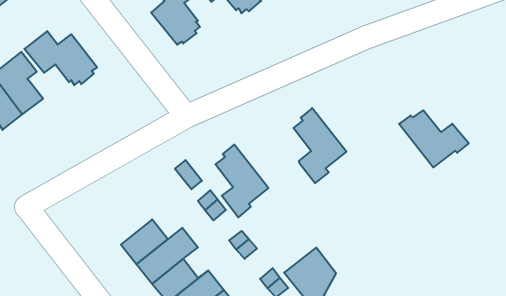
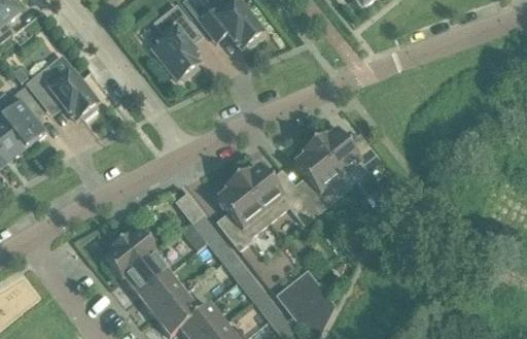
building: [399,110,469,167] -> [311,129,380,185]
building: none -> [234,165,298,222]
building: none -> [104,231,154,279]

